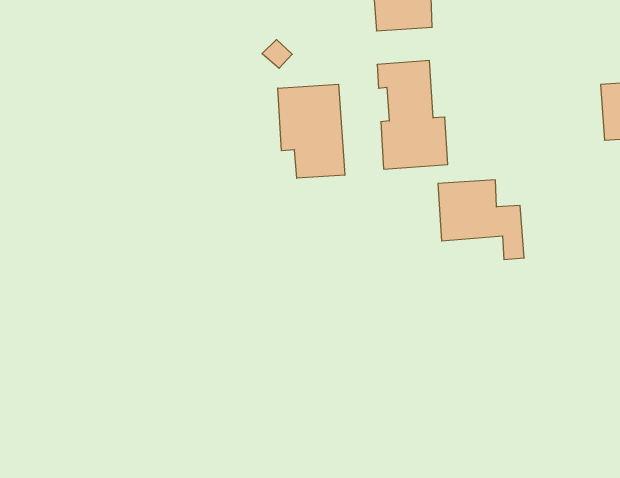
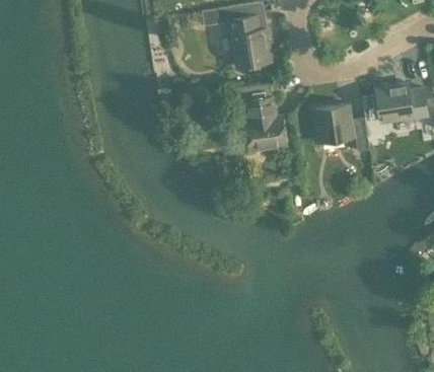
building: [278,84,345,178] -> none
building: [438,180,524,260] -> [314,103,370,151]

